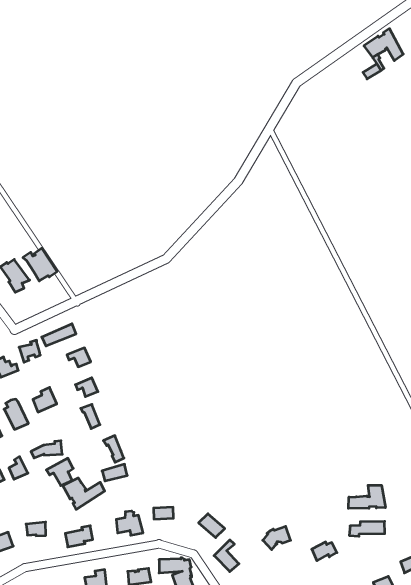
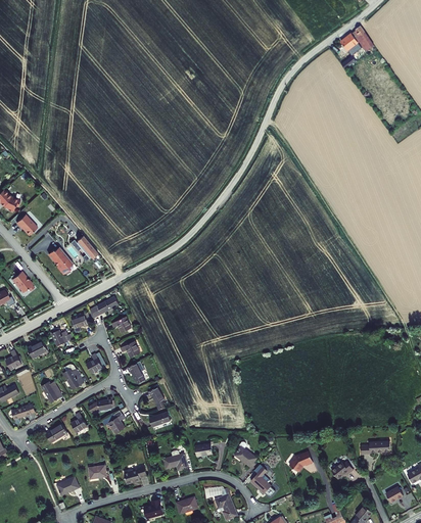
building: [63,478,105,509] -> none
building: [348,485,385,508] -> none

